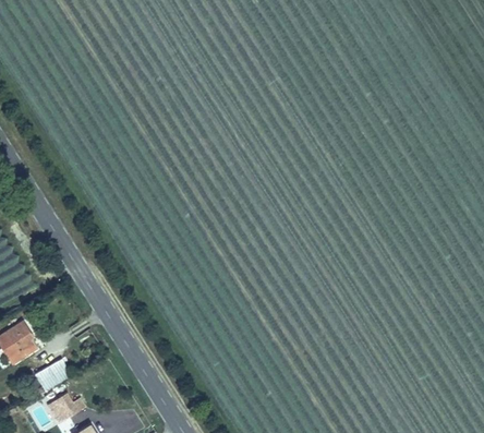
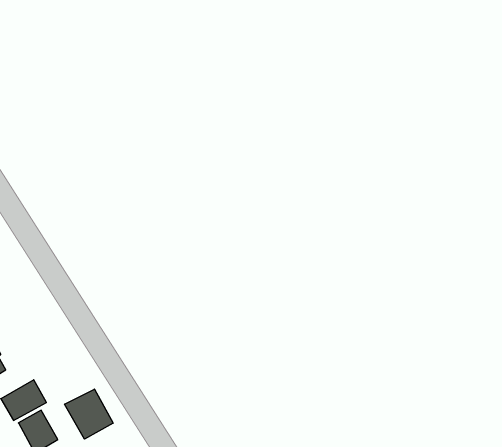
building: none -> [65,389,113,439]

